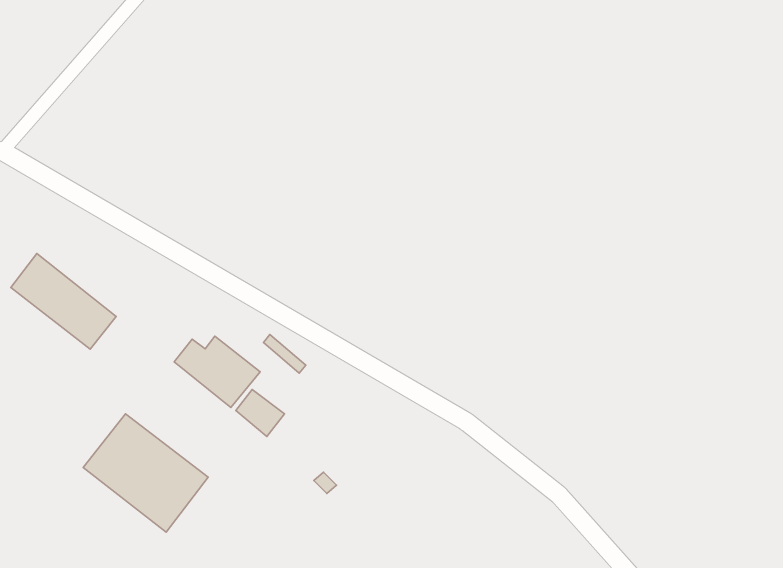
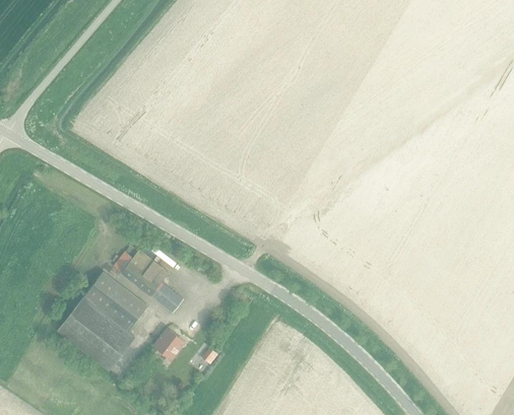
building: [11,253,116,349] -> [87,272,153,332]
building: none -> [153,328,185,358]

